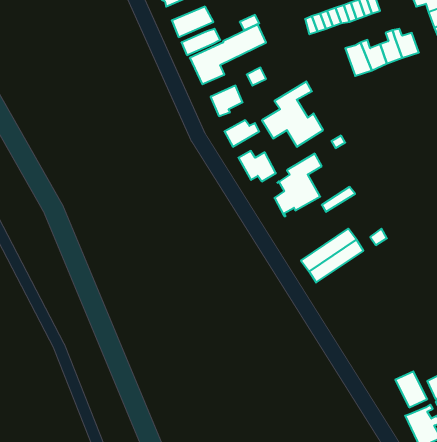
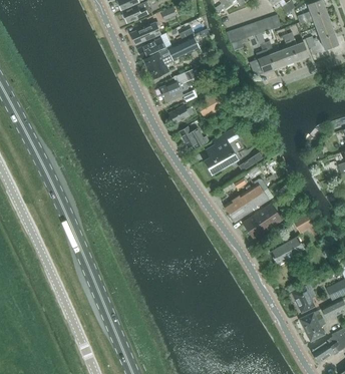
building: none -> [244,203,283,239]
building: none -> [271,236,305,264]

